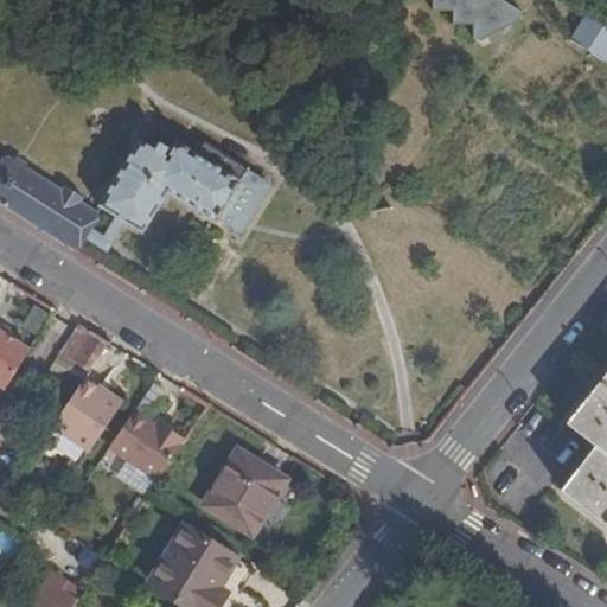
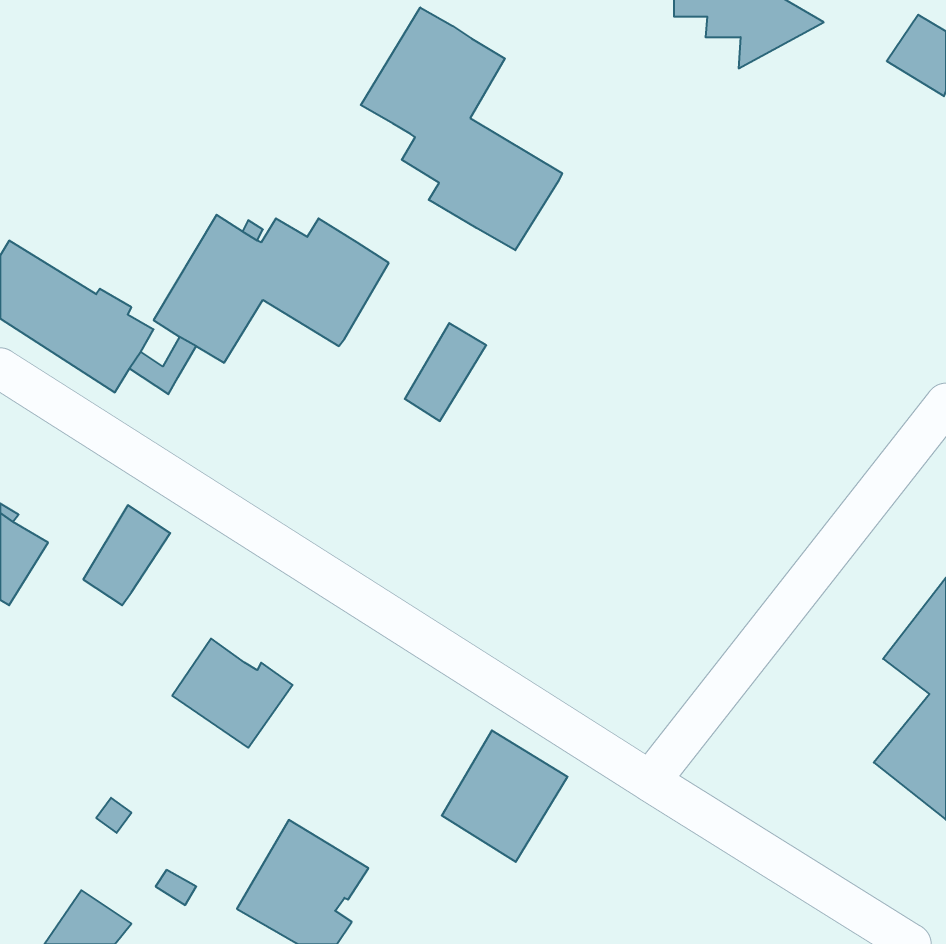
building: none -> [361,7,562,250]
building: [221,168,273,231] -> [405,323,486,421]
building: [52,379,123,452] -> none
building: [205,449,286,533] -> [442,730,568,862]

